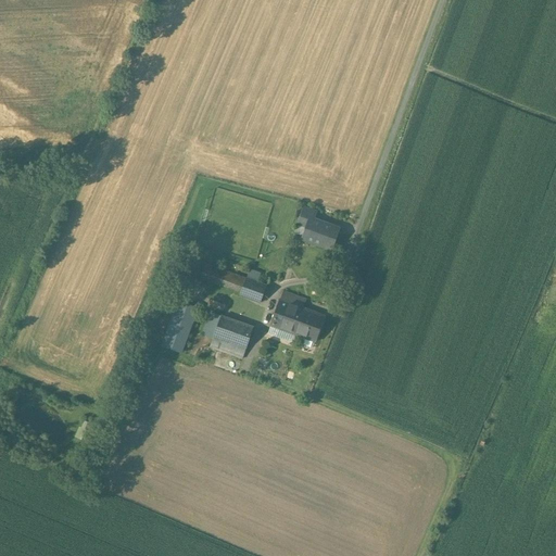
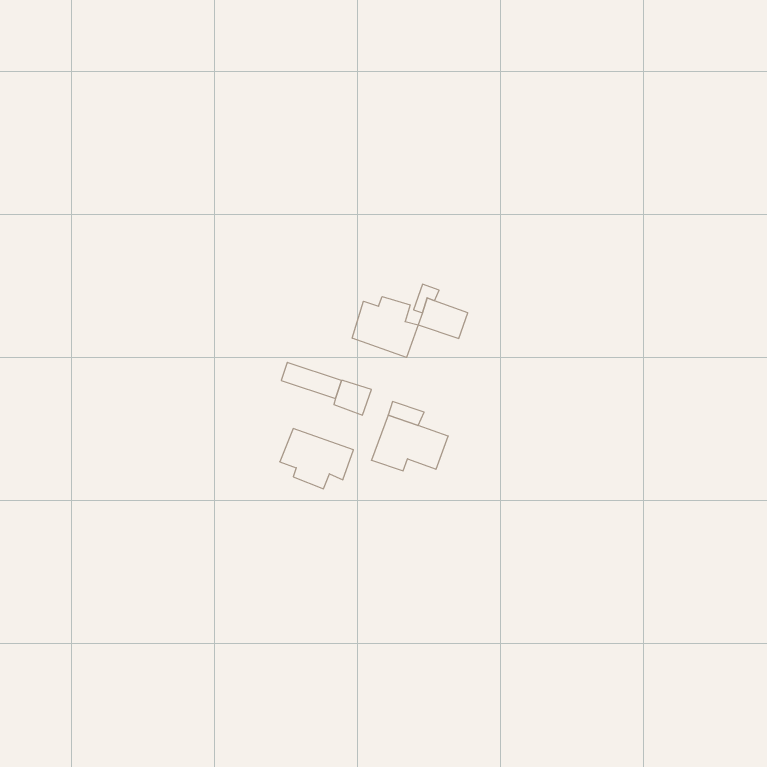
building: none -> [352,297,418,357]
building: [163,301,198,350] -> none

